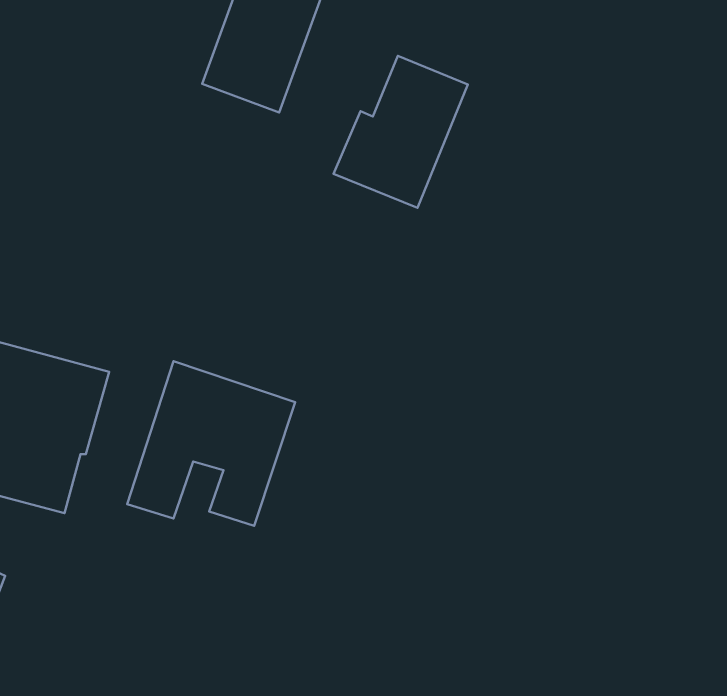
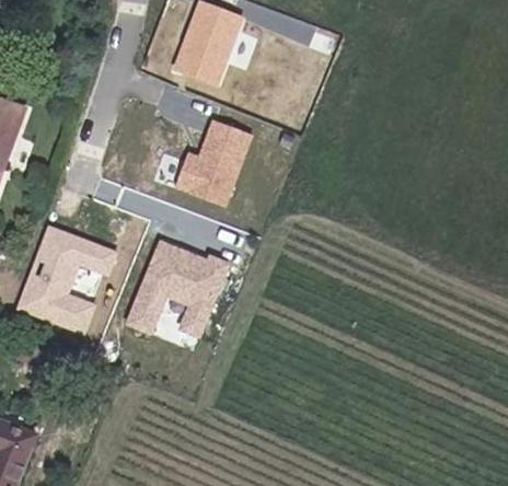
building: [334,56,468,208] -> [170,114,252,207]

